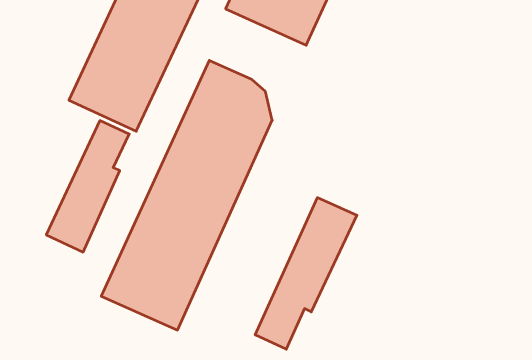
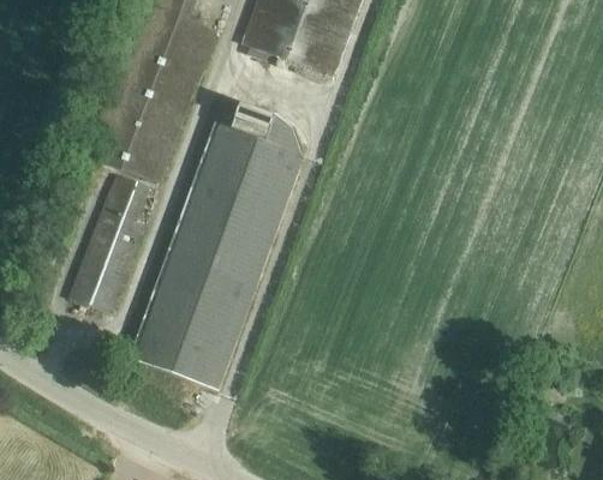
building: [255,198,357,349] -> none

